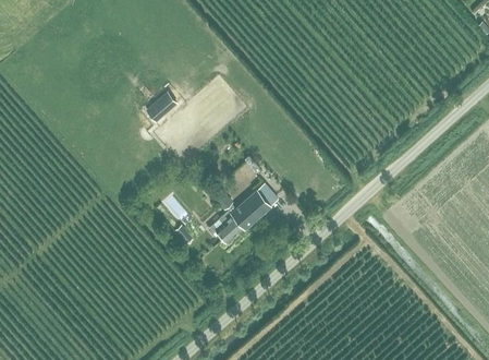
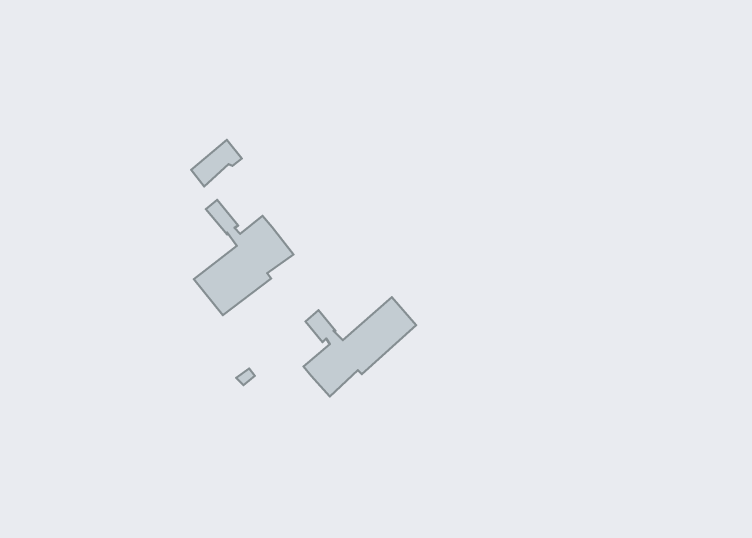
building: none -> [194,200,293,315]

